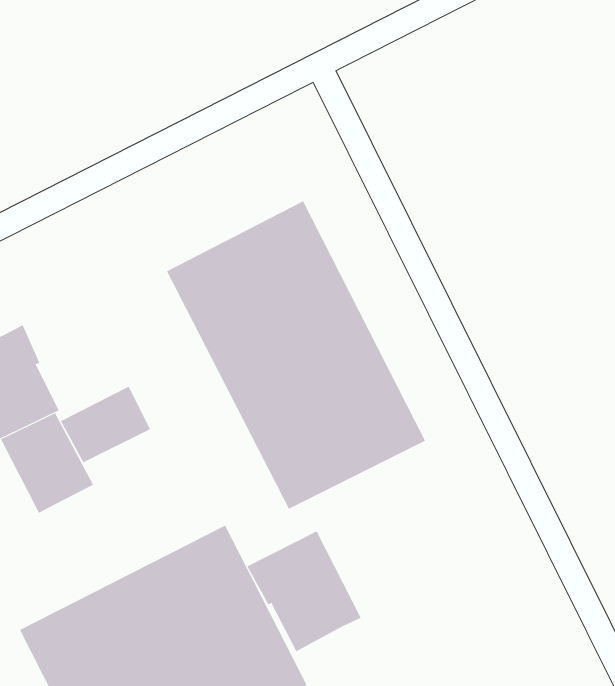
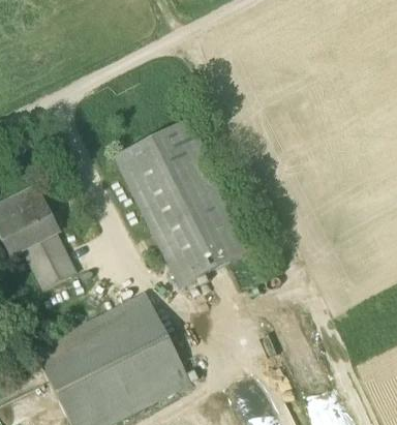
building: [60,386,151,463] -> none
building: [247,530,361,652] -> none

